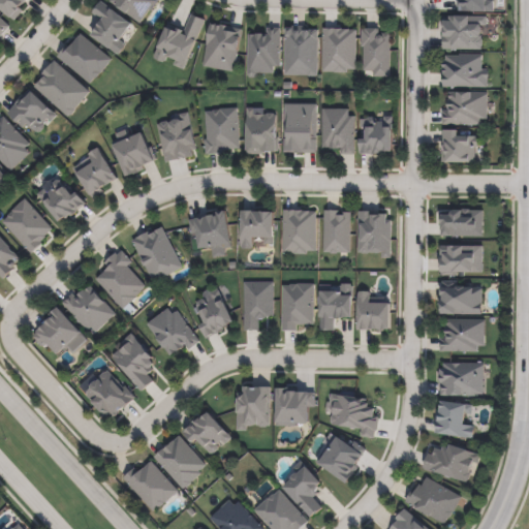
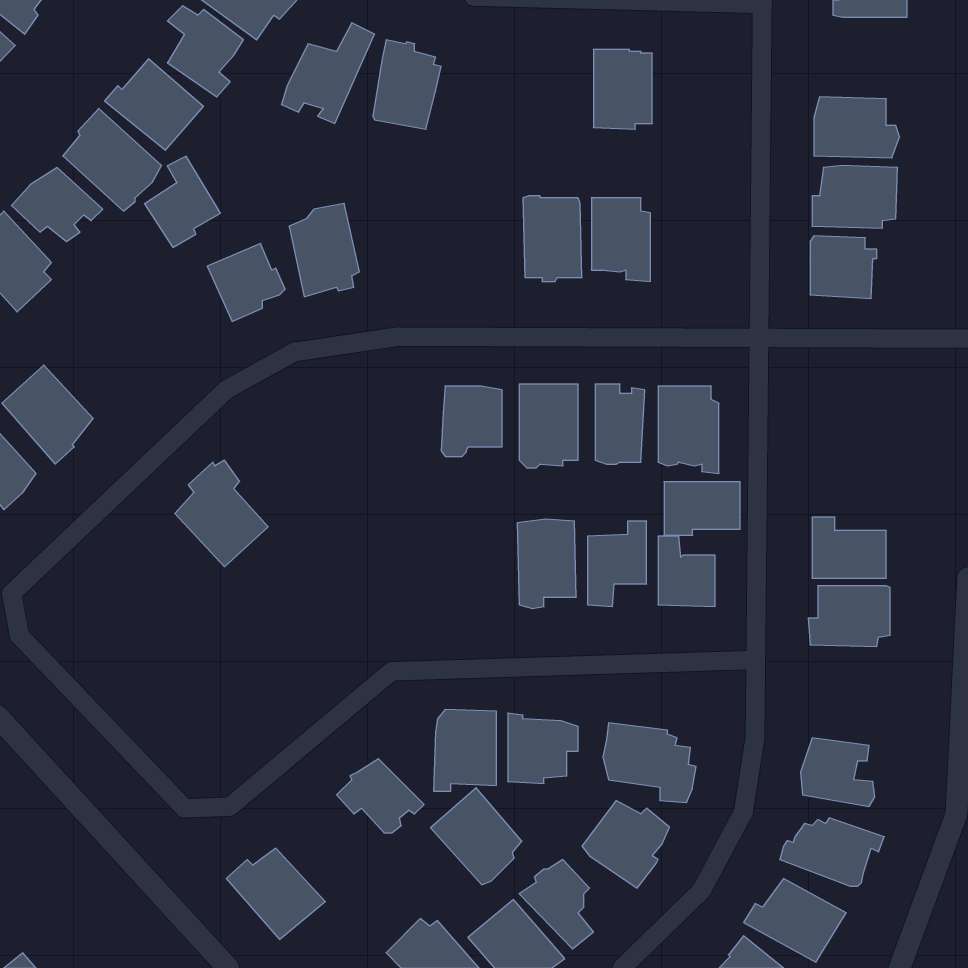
building: [442,13,486,48] -> none
building: [246,26,279,76] -> none
building: [284,27,316,75] -> none
building: [361,27,388,74] -> none
building: [204,106,239,154] -> none
building: [246,106,277,153] -> none
building: [360,116,391,154] -> none
building: [75,147,117,196] -> [144,156,220,248]
building: [37,175,85,220] -> none
building: [188,210,230,249] -> none
building: [441,210,483,236] -> none
building: [132,226,182,281] -> none
building: [441,246,483,275] -> [664,482,740,535]
building: [243,281,272,330] -> none
building: [62,284,115,333] -> none
building: [196,288,234,337] -> none
building: [32,307,87,353] -> none
building: [147,308,198,354] -> none
building: [112,332,154,390] -> none
building: [438,361,489,395] -> none
building: [80,368,135,417] -> none
building: [154,435,204,488] -> [431,788,522,885]

